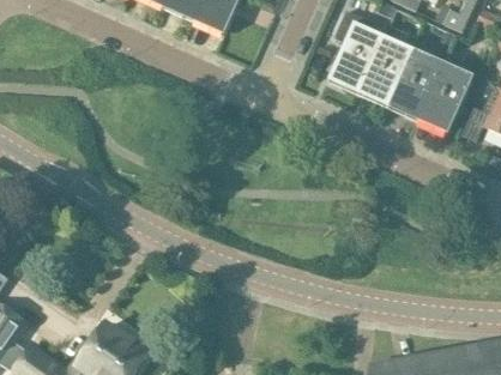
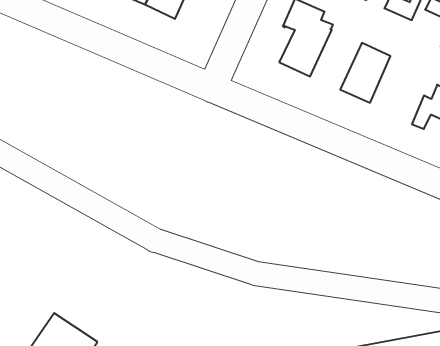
building: [360,41,411,101] -> none
building: [419,67,470,127] -> none

